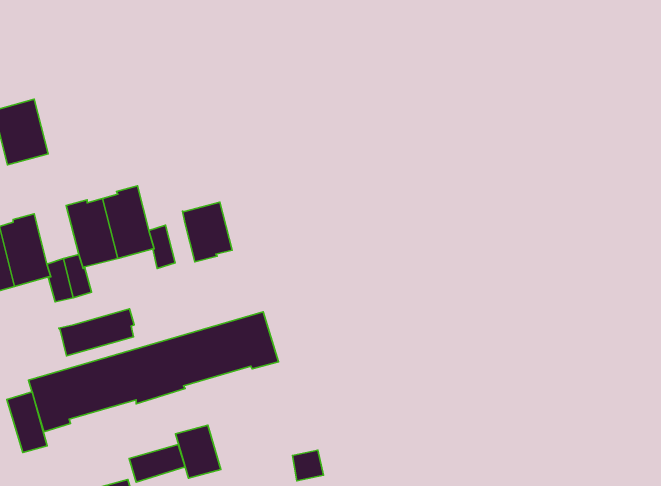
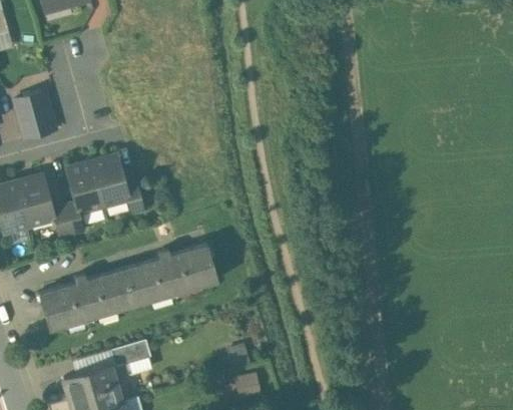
building: [182,202,232,262] -> none
building: [59,309,134,356] -> none
building: [7,392,47,452] -> none
building: [175,425,221,478] -> none

